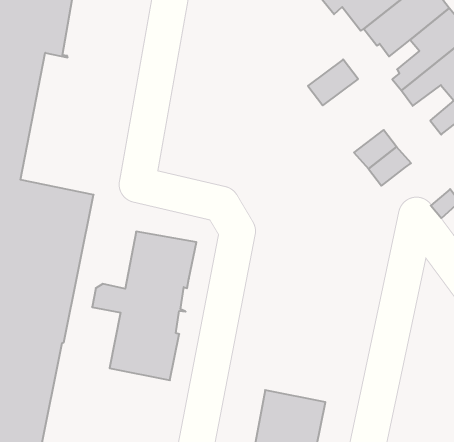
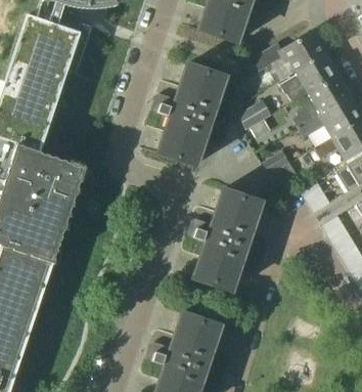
building: none -> [152,64,226,166]
building: [92,232,196,380] -> [187,190,262,292]

